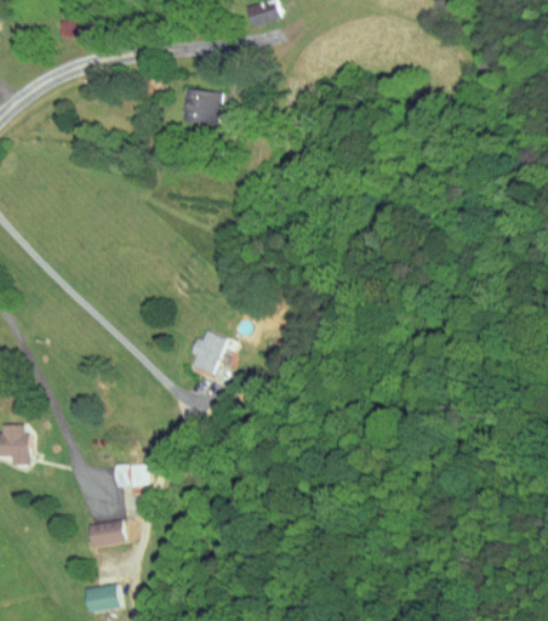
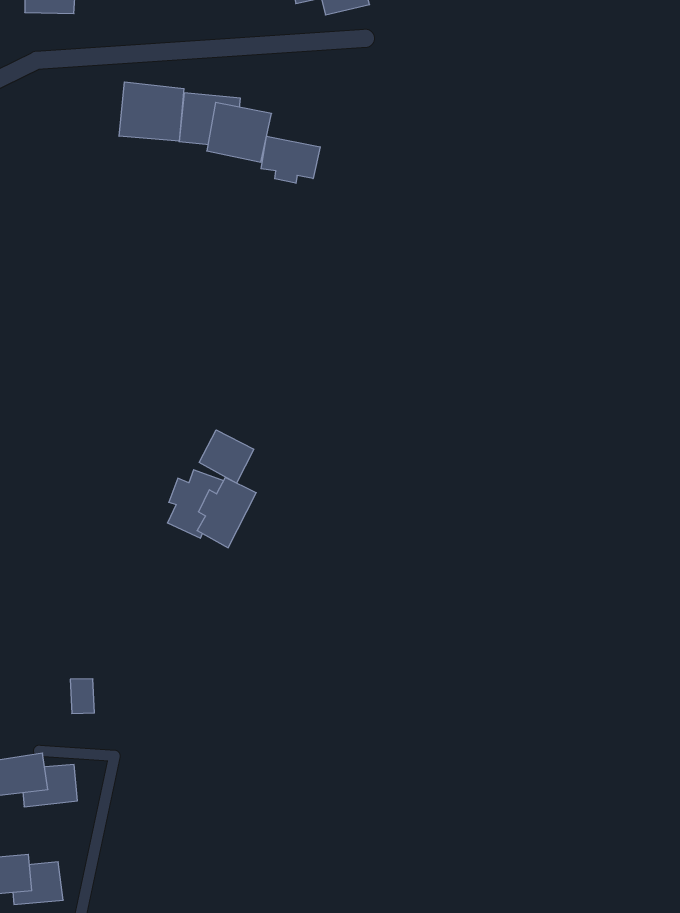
building: none -> [119,82,184,141]
building: none -> [261,136,320,183]
building: none -> [199,430,254,483]

